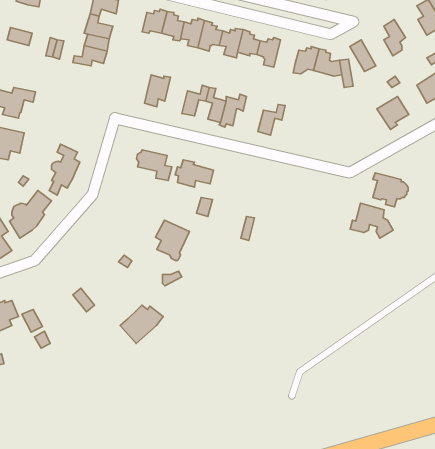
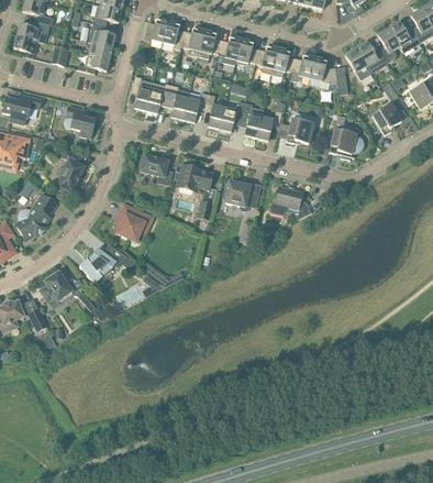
building: none -> [16,20,49,42]
building: none -> [388,21,420,53]
building: none -> [356,41,387,73]
building: none -> [271,47,296,76]
building: none -> [132,75,153,109]
building: none -> [166,84,190,119]
building: none -> [242,102,264,136]
building: none -> [64,105,96,138]
building: none -> [286,111,313,143]
building: [373,173,408,207] -> [329,127,363,160]
building: none -> [222,177,258,211]
building: [350,203,393,238] -> [269,185,311,219]
building: [156,220,190,261] -> [115,204,148,243]
building: none -> [40,271,75,304]
building: [120,305,163,344] -> [77,248,119,285]

